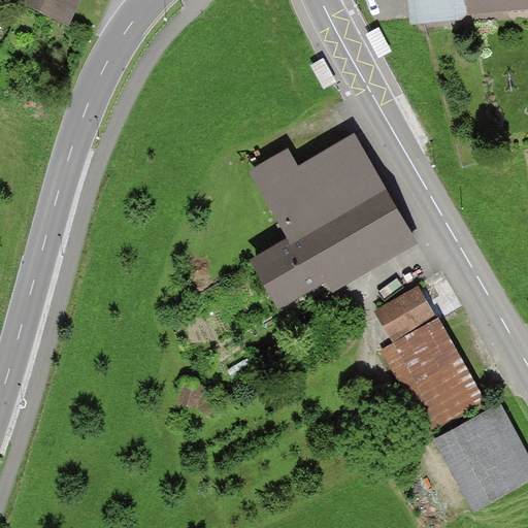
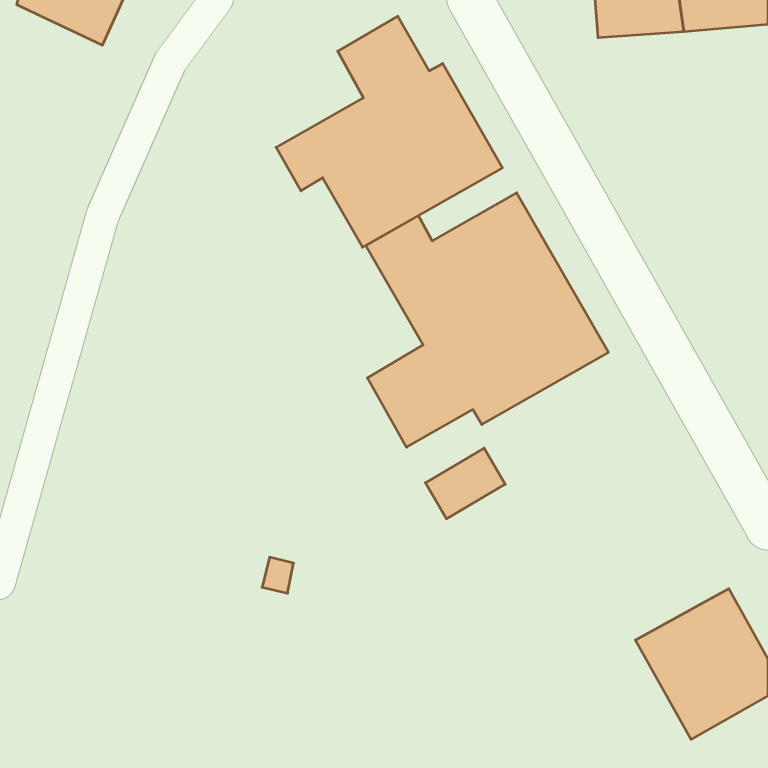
building: none -> [276,16,502,247]
building: [376,287,431,335] -> [425,448,505,519]
building: [384,317,488,438] -> none

